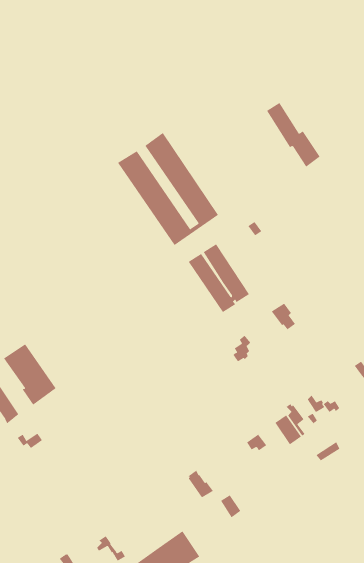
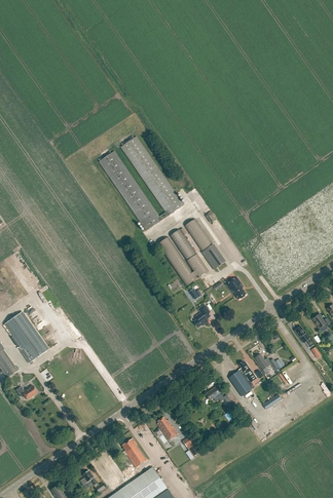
building: [266,102,321,168] -> [184,218,229,272]
building: none -> [122,437,148,467]

